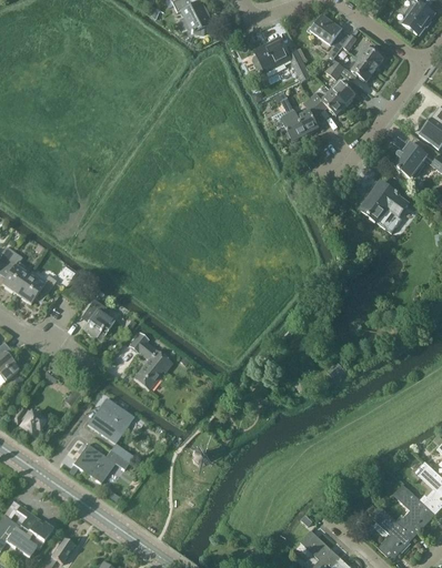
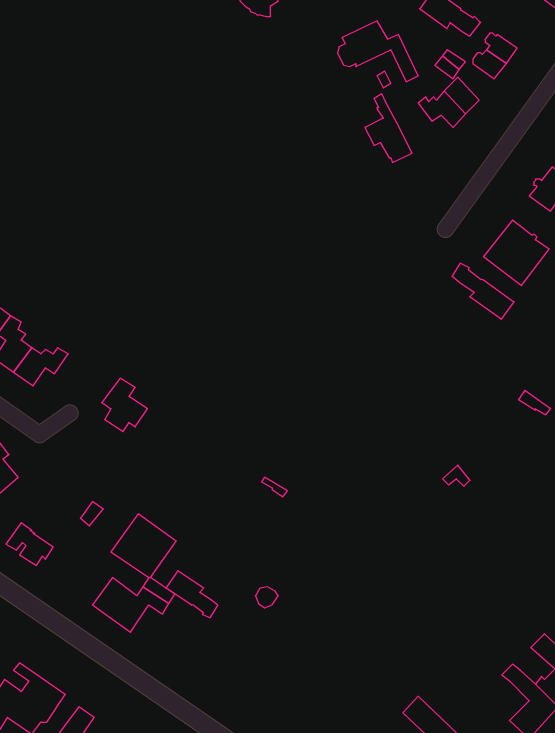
building: [295,97,321,133] -> none
building: none -> [452,263,514,319]
building: [129,332,171,388] -> none
building: none -> [166,571,218,618]

